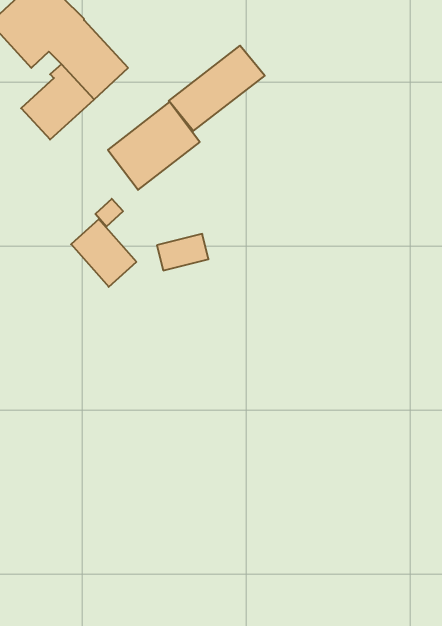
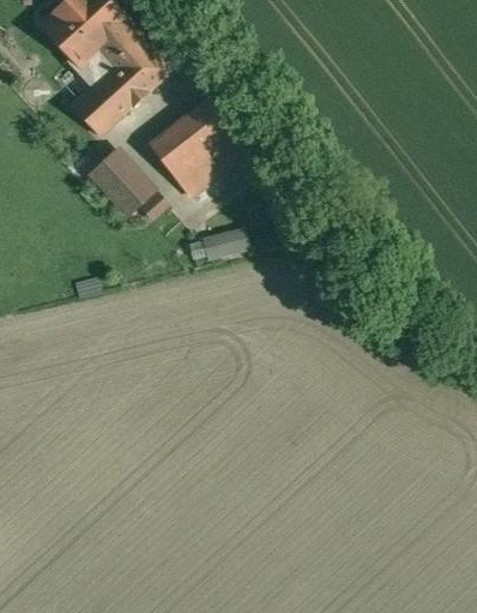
building: [169,46,265,131] -> none
building: [71,219,136,287] -> [89,150,151,215]

